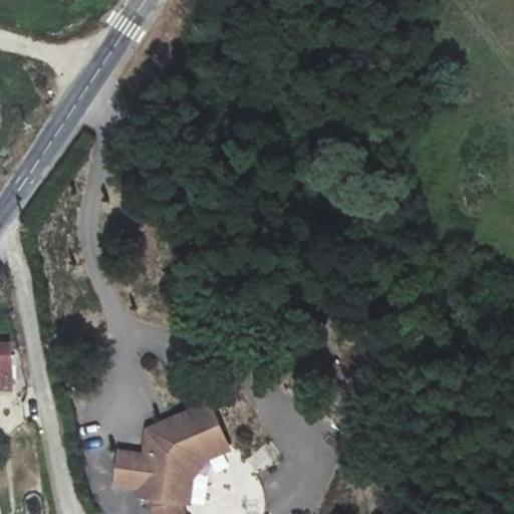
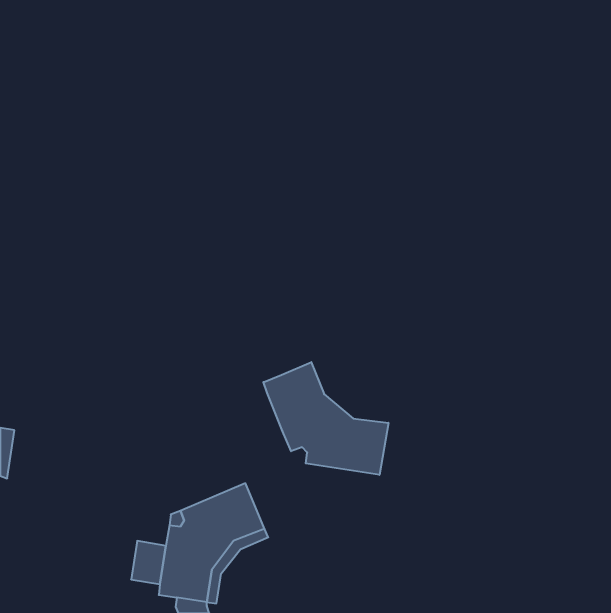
building: none -> [263,362,388,475]

